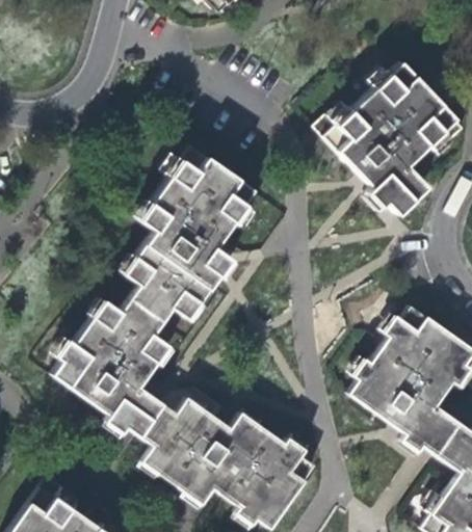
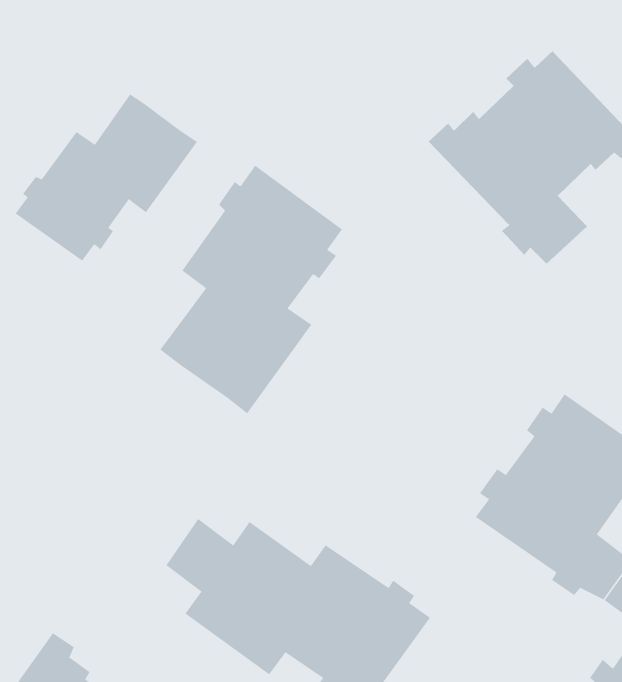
building: none -> [15,94,198,262]
building: [53,286,173,434] -> none

